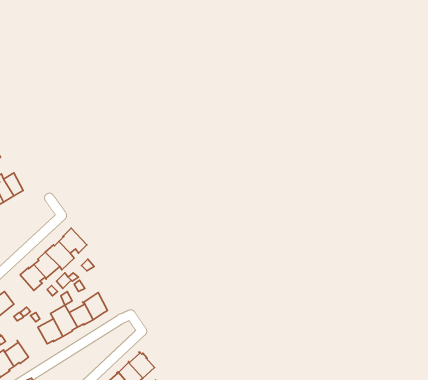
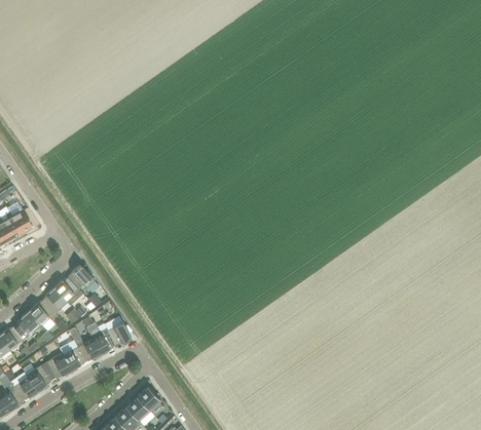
building: none -> [13,311,42,340]
building: none -> [104,316,132,346]
building: none -> [22,362,55,392]

